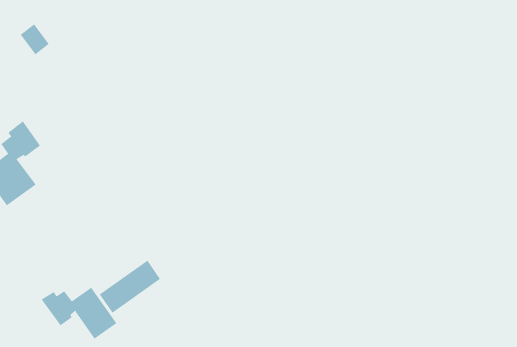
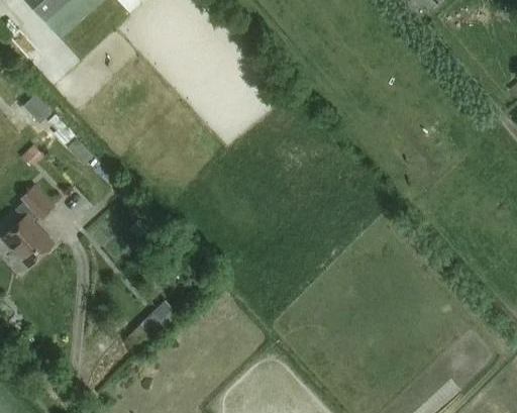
building: [41,287,117,340] -> none

